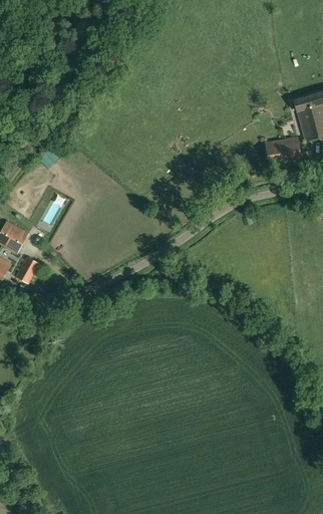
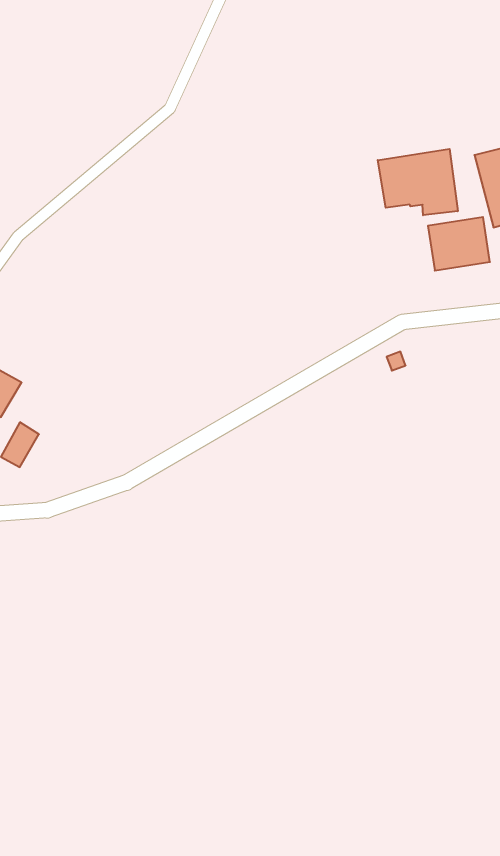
building: none -> [378,149,458,215]

